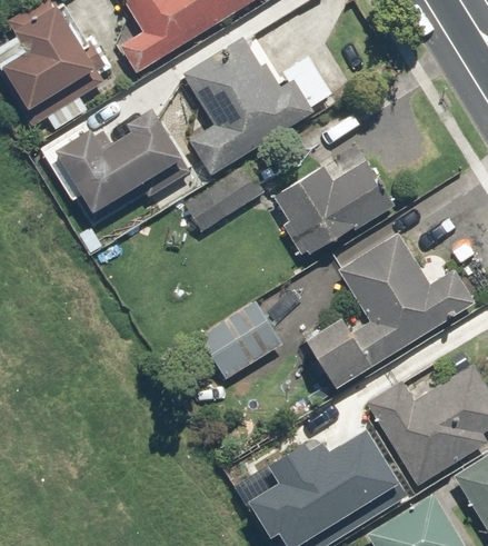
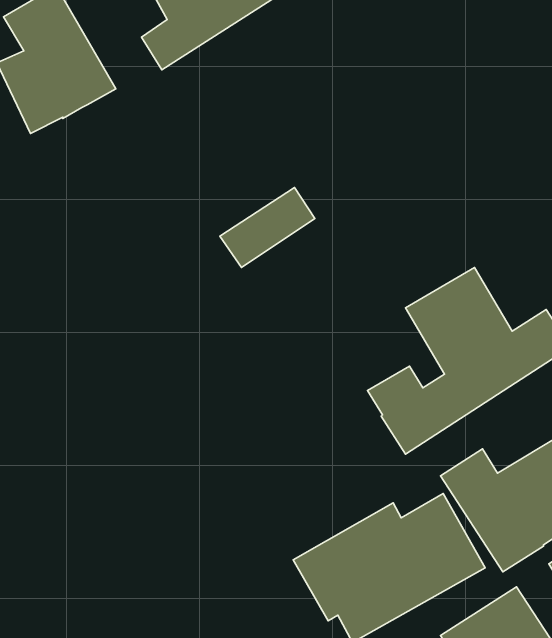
building: [183,37,316,176] -> none
building: [56,110,179,214] -> none
building: [276,159,391,255] -> none
building: [198,299,285,380] -> none

